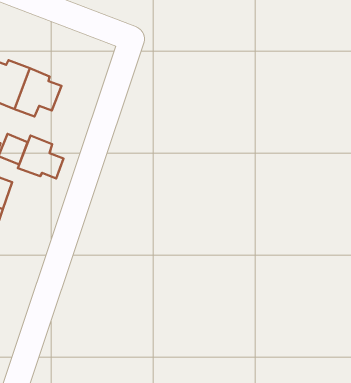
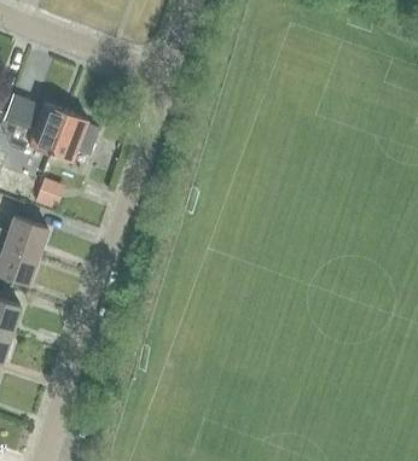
building: [18,135,64,178] -> none

